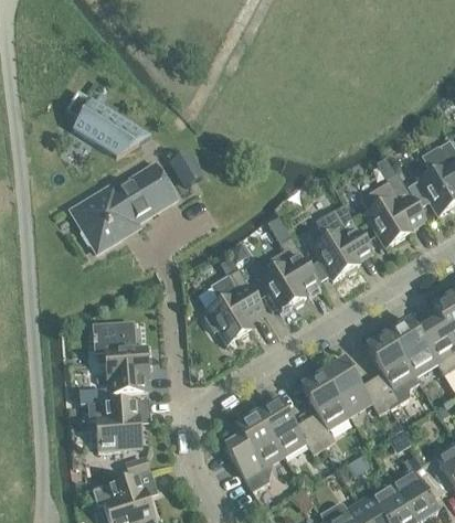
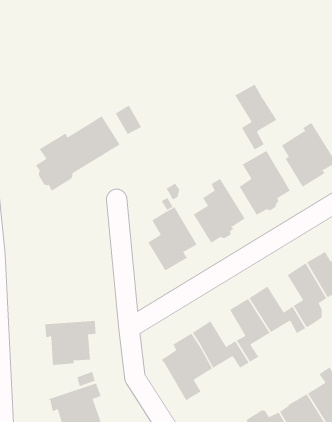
building: [66,90,150,156] -> none
building: none -> [235,84,277,150]
building: [94,321,148,393] -> none

